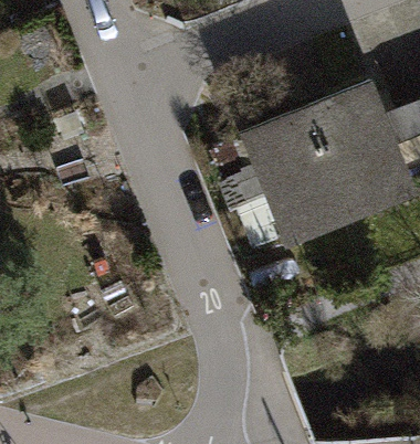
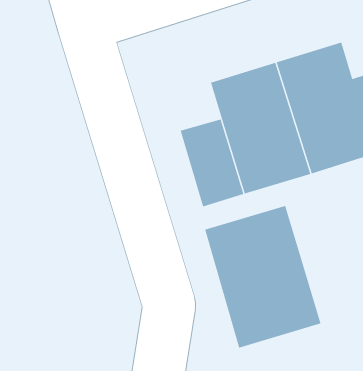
building: none -> [205,205,321,348]

